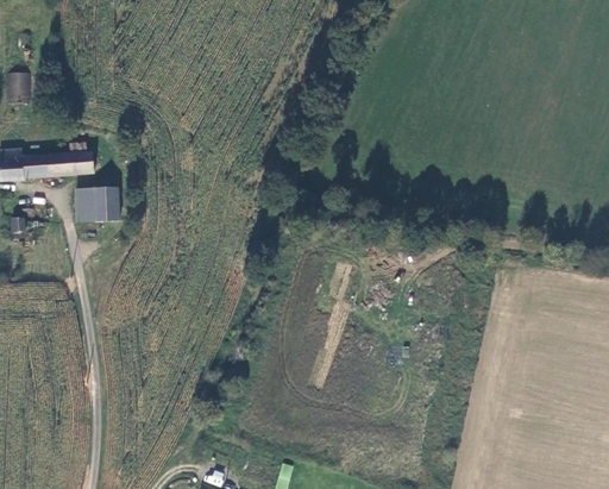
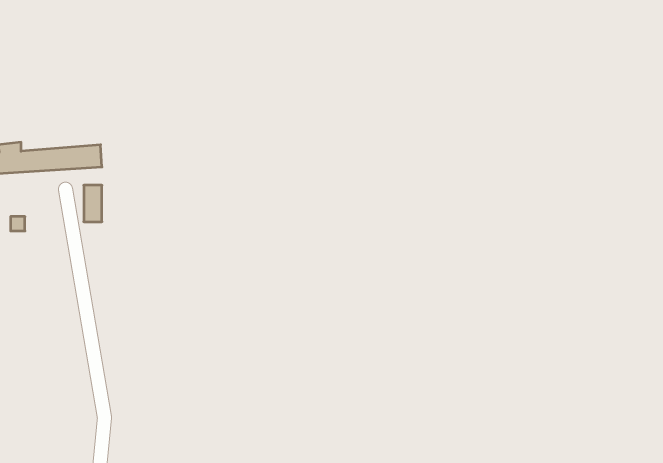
building: [6,70,30,102] -> none
building: [94,188,120,222] -> none

